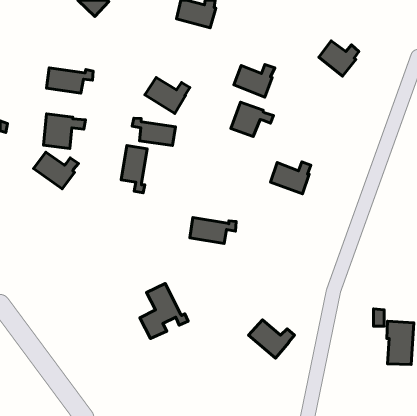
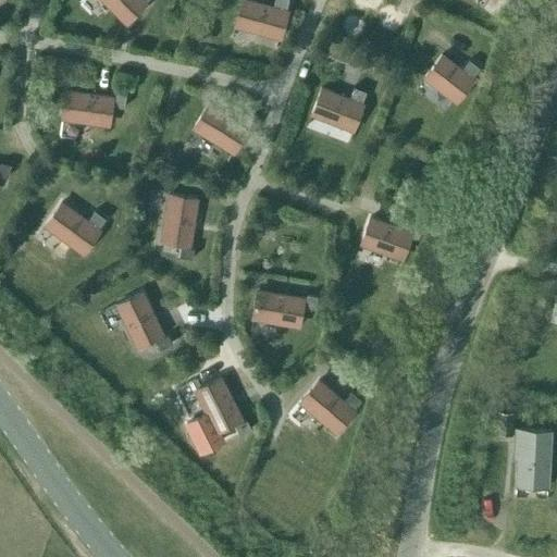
building: [231,102,273,137] -> none
building: [43,114,85,148] -> none
building: [132,118,176,146] -> none
building: none -> [117,294,173,351]
building: [249,320,294,358] -> [300,382,361,433]

